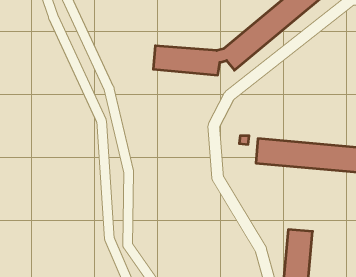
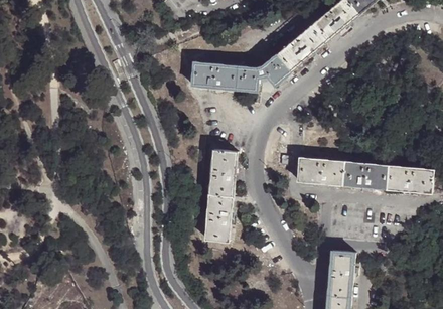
building: none -> [203,150,238,243]

